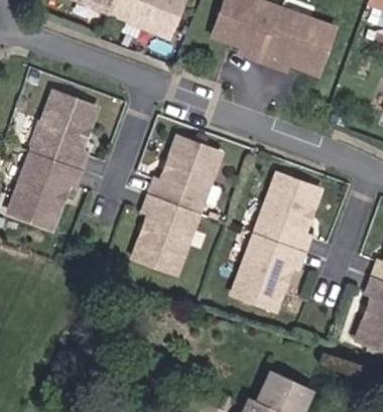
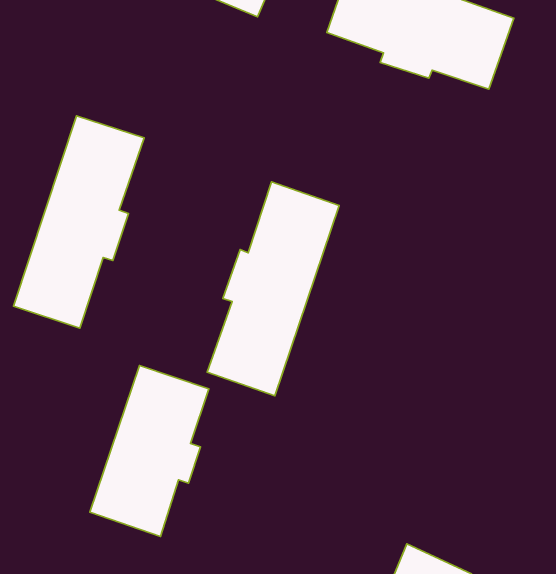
building: [236,170,321,306] -> none
building: none -> [90,365,209,536]

